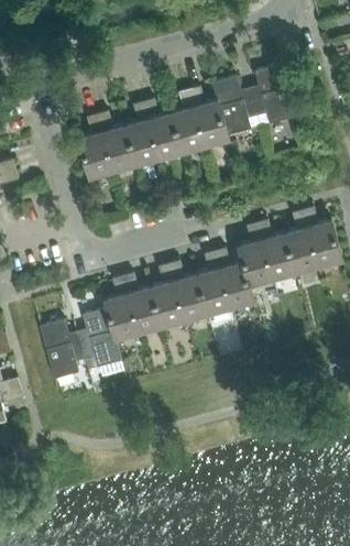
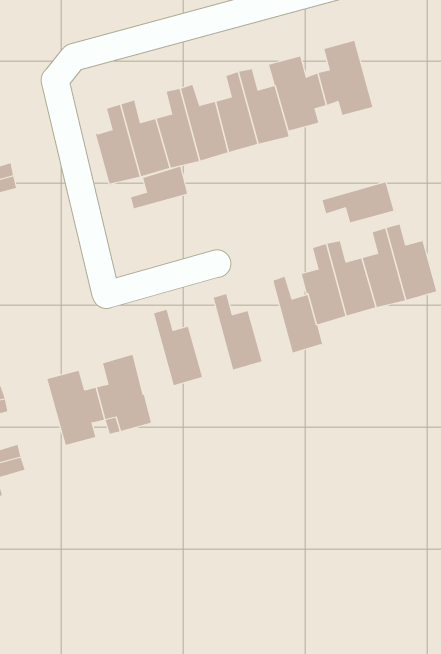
building: none -> [131,166,188,209]
building: none -> [322,182,394,223]
building: [196,253,230,316] -> none
building: [150,266,184,328] -> none
building: [103,279,138,341] -> none

